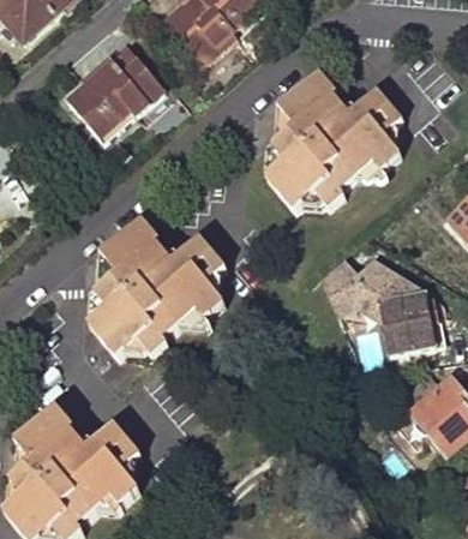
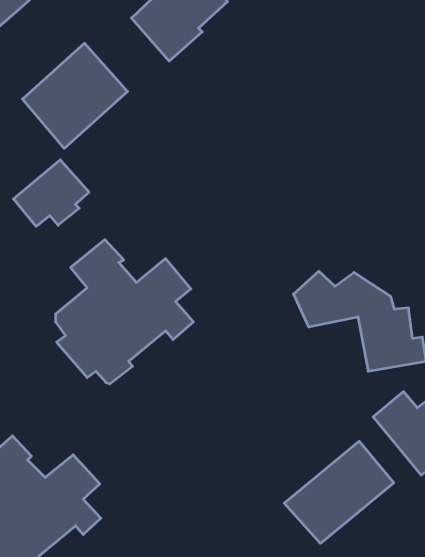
building: [268,77,400,211] -> none
building: none -> [13,160,89,226]
building: none -> [284,441,394,543]

